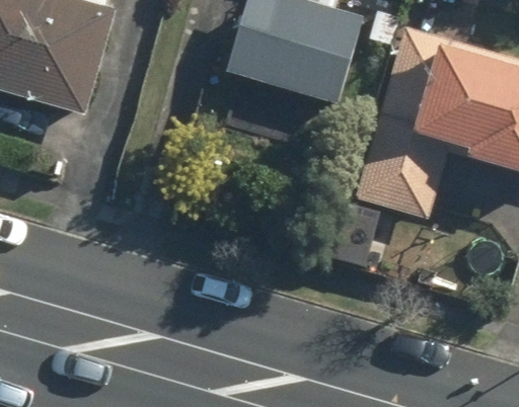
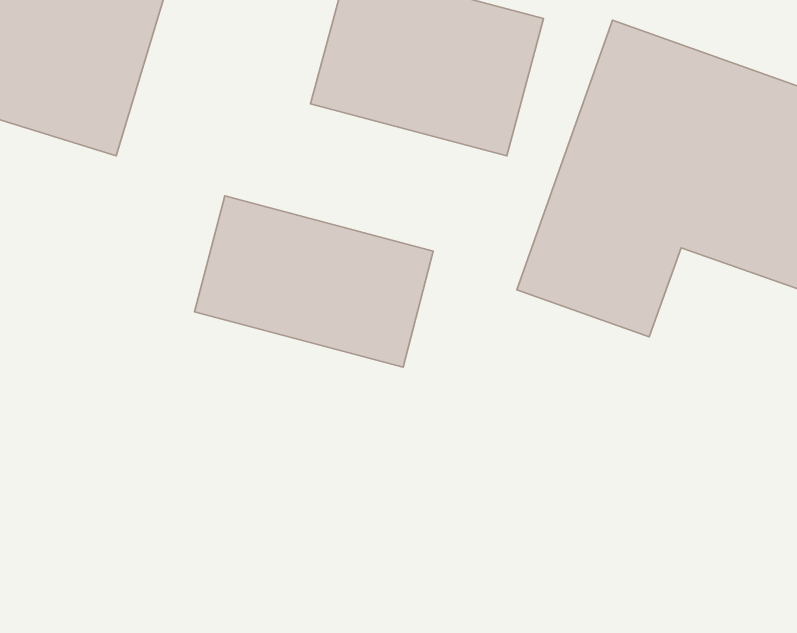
building: none -> [194,196,433,367]

